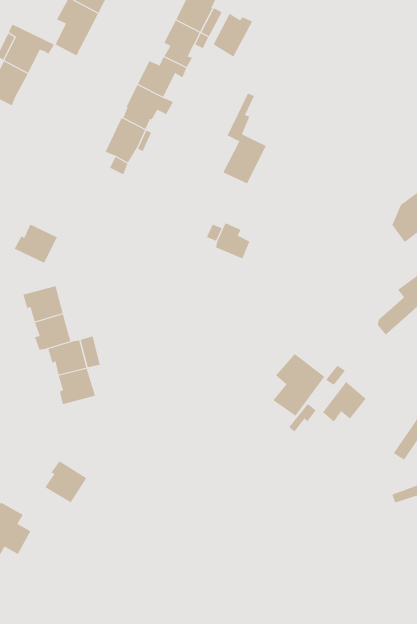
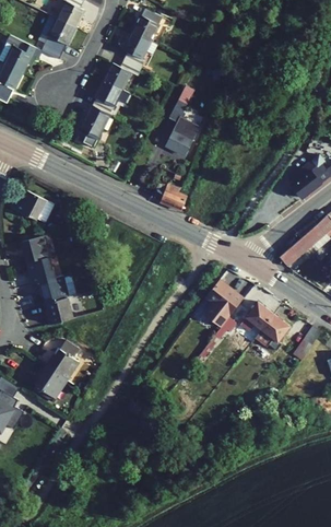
building: [213,13,253,58] -> none
building: none -> [255,315,289,351]
building: none -> [45,335,79,374]

